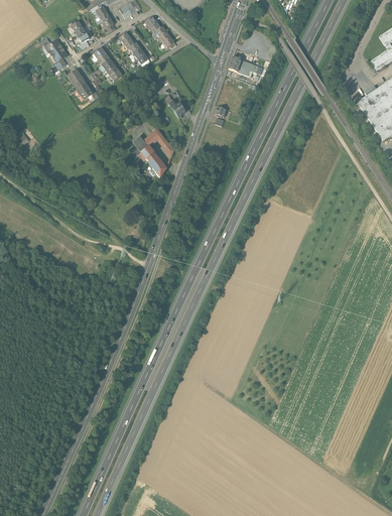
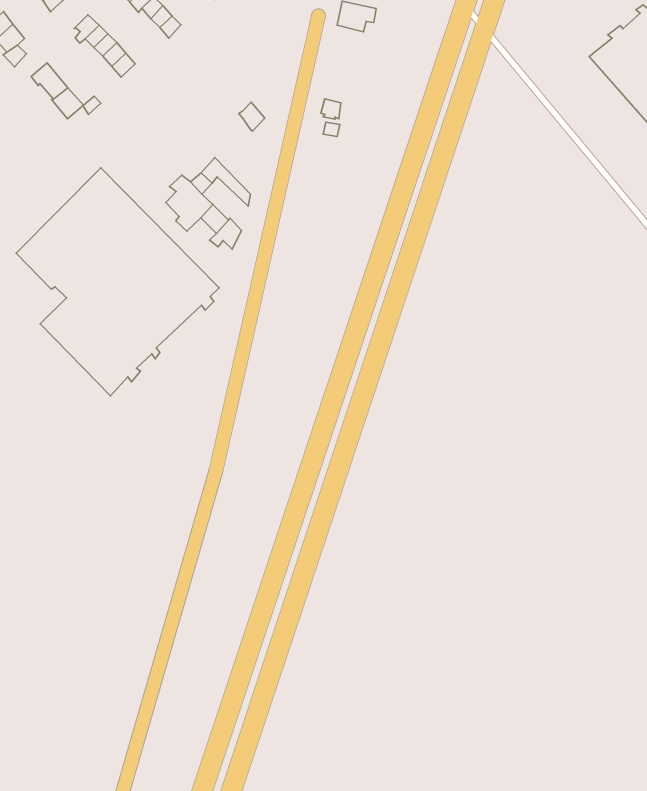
building: none -> [16,168,219,396]

